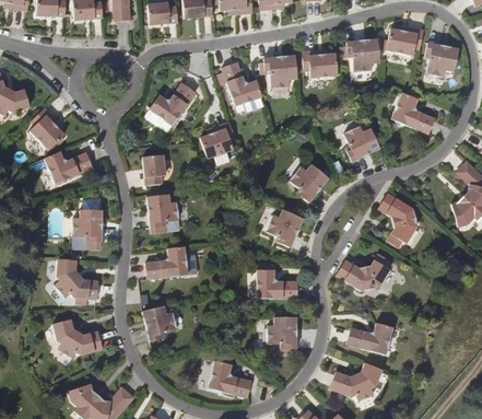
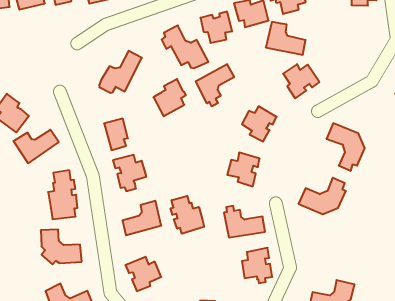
building: [389,92,433,132] -> [266,22,306,55]
building: none -> [196,64,234,106]
building: none -> [171,196,204,234]
building: [348,319,392,351] -> none

